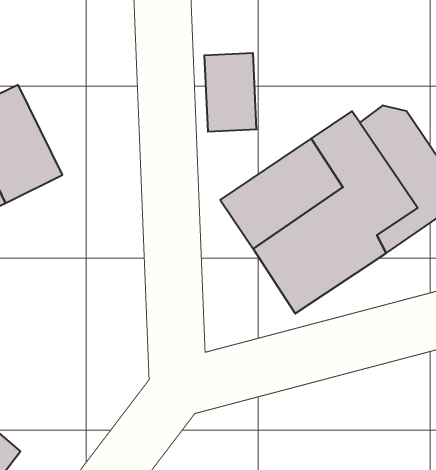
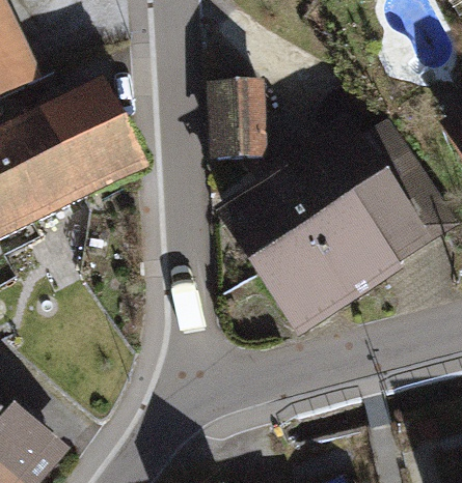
building: none -> [46,85,139,197]

